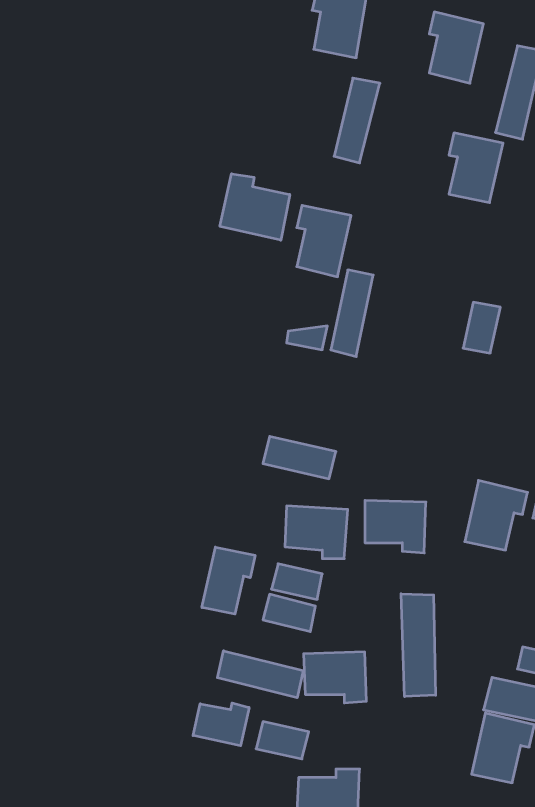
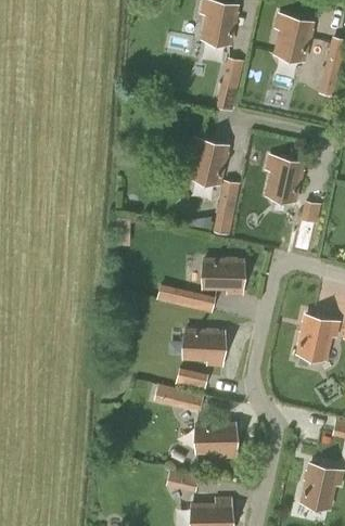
building: [449,133,503,203] -> [267,156,302,201]
building: [220,174,290,240] -> none
building: [365,500,426,553] -> [203,260,242,294]
building: [202,547,255,614] -> none
building: [401,594,436,697] -> none
building: [217,651,303,698] -> none
building: [193,703,249,746] -> none

